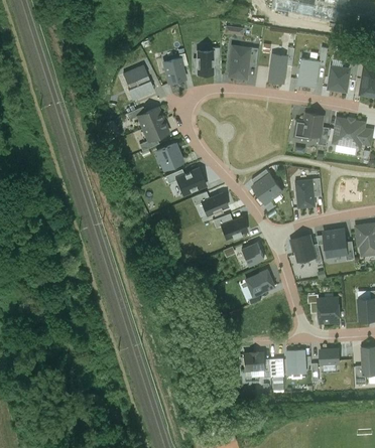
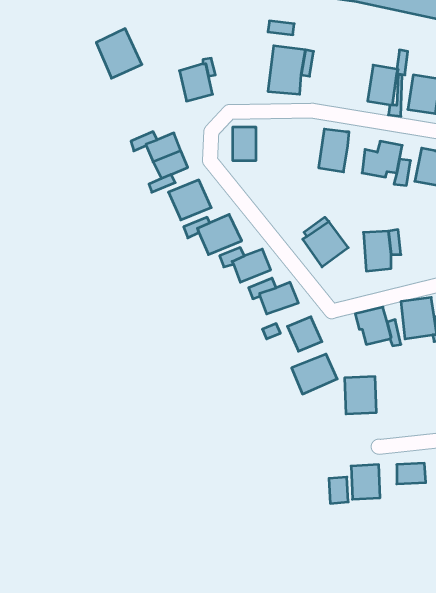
building: [196,50,213,74] -> [233,127,256,160]
building: [267,53,289,85] -> [319,129,349,172]
building: [121,64,154,101] -> [96,29,142,78]
building: [318,296,341,323] -> [345,377,376,414]
building: [242,351,266,371] -> none

